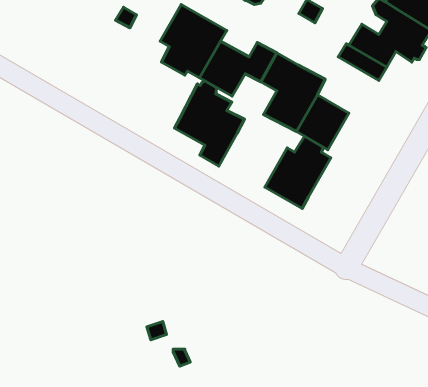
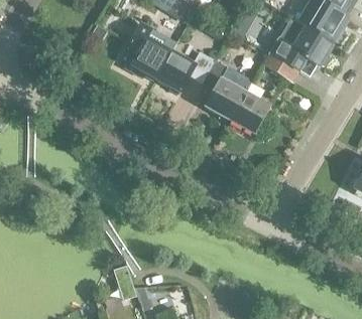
building: [174,81,244,166] -> none
building: [265,136,331,209] -> none

